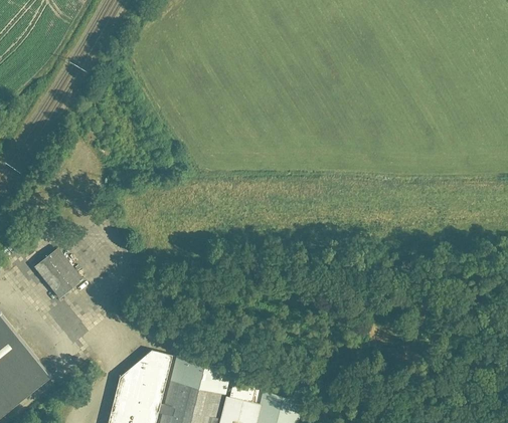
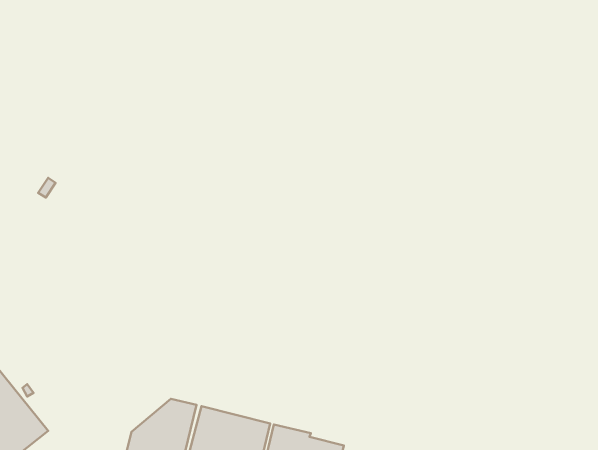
building: [33,251,81,300] -> none

